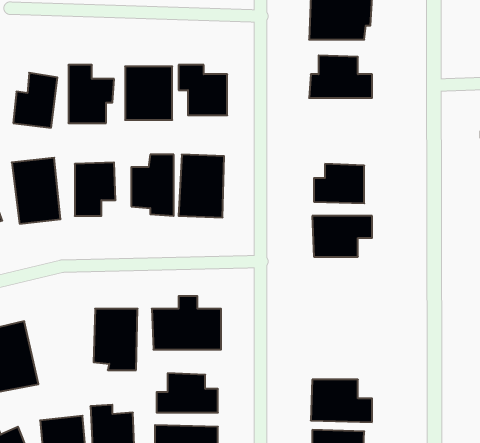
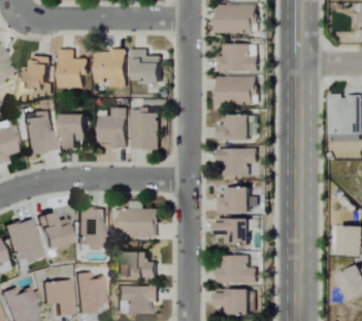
building: none -> [215,76,256,105]
building: none -> [217,187,251,214]
building: none -> [34,212,66,249]
building: none -> [217,219,250,244]

